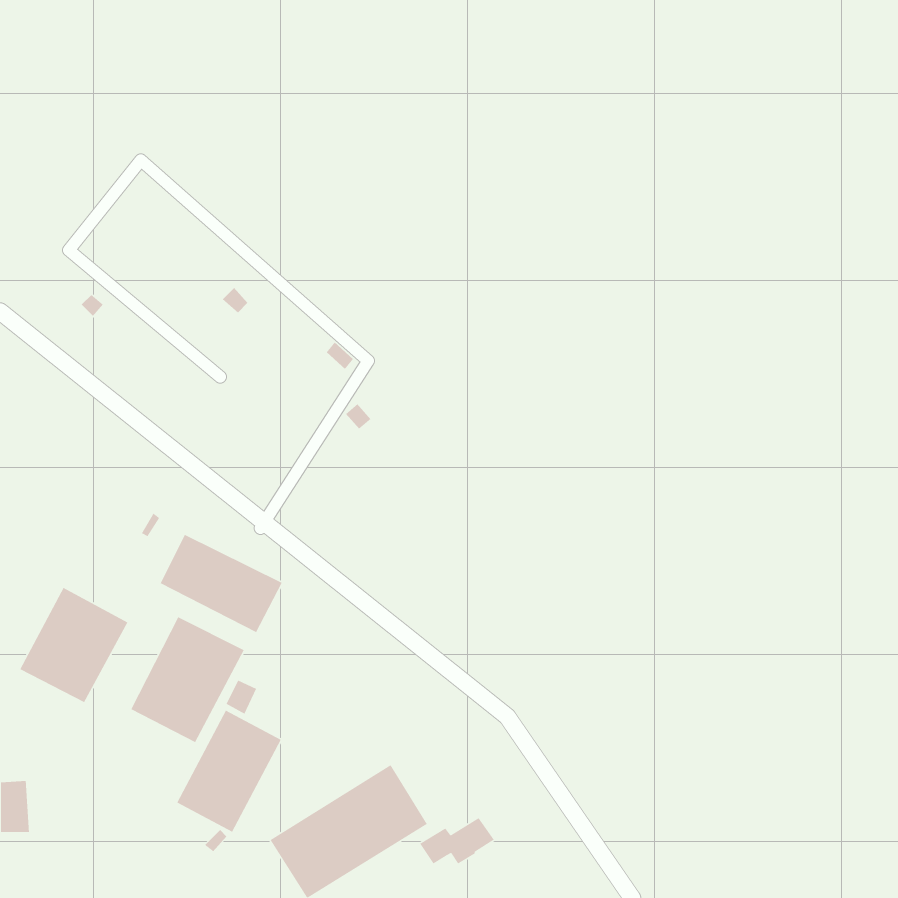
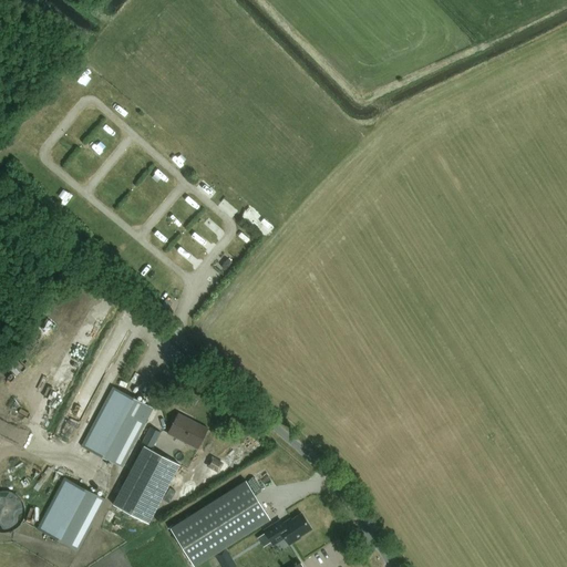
building: [159,534,283,633] -> none
building: [19,587,128,703] -> [38,477,106,550]
building: none -> [168,414,209,450]

